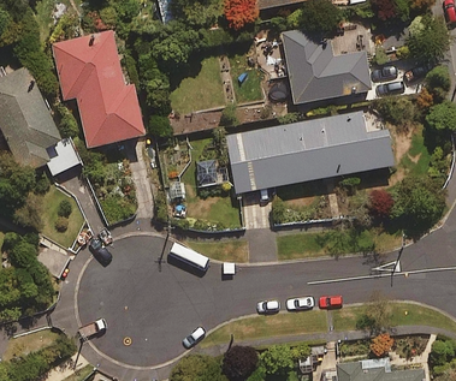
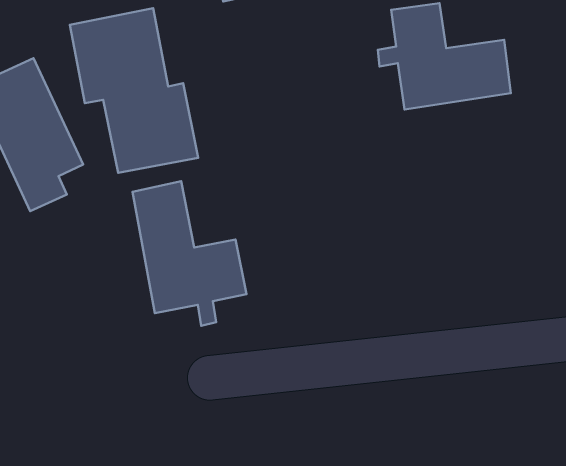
building: [226,112,393,192] -> none
building: none -> [132,181,247,326]

